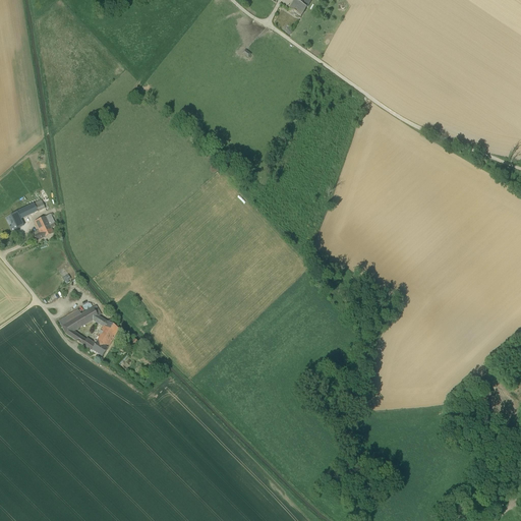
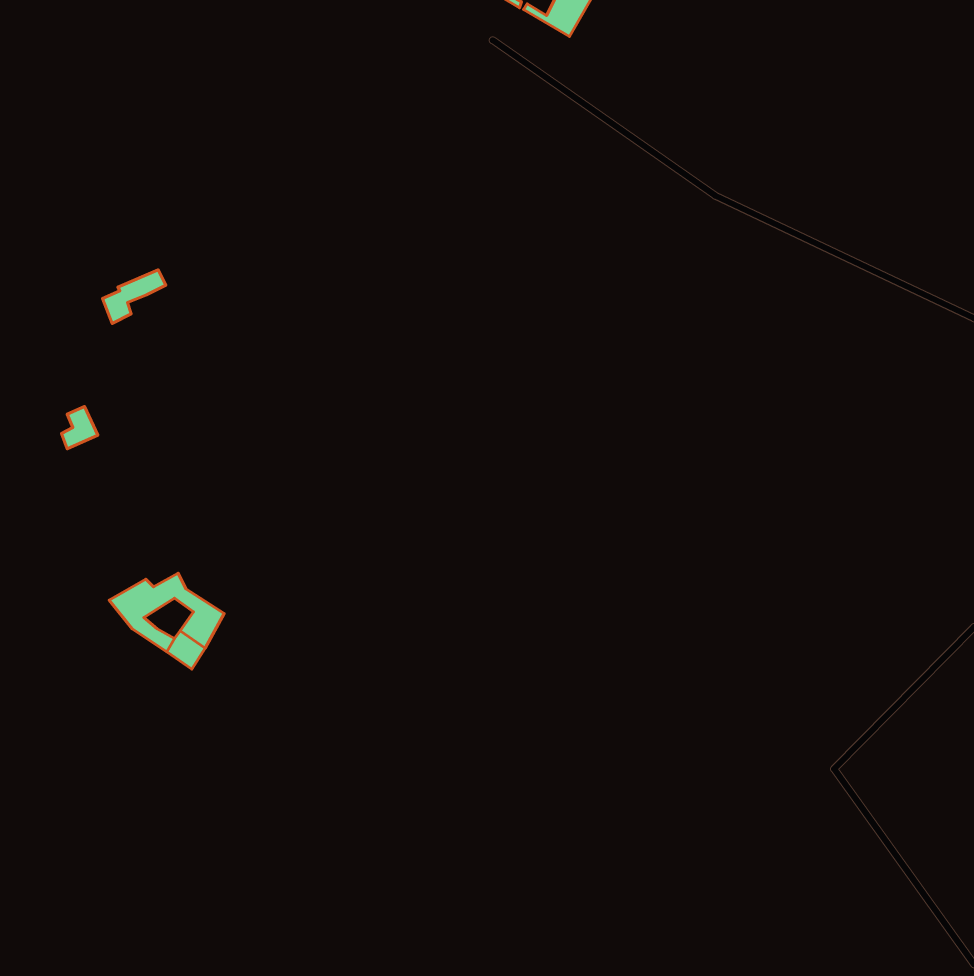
building: [12,197,46,226] -> [102,270,166,324]

